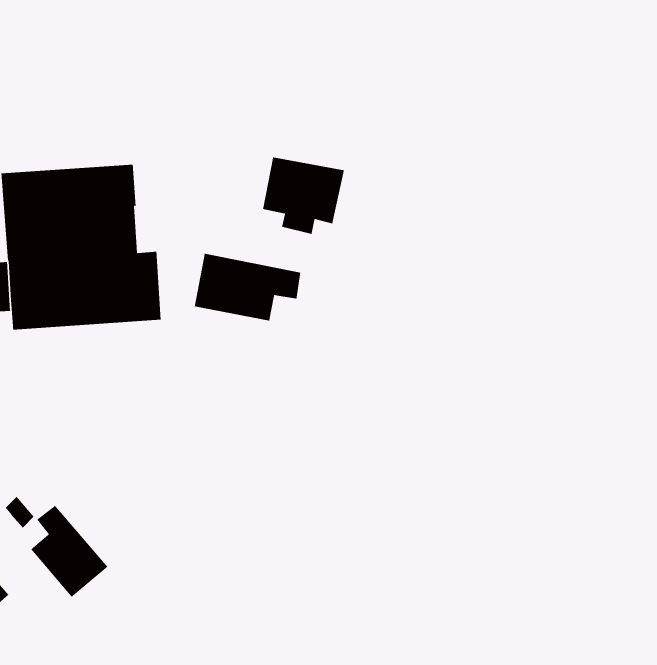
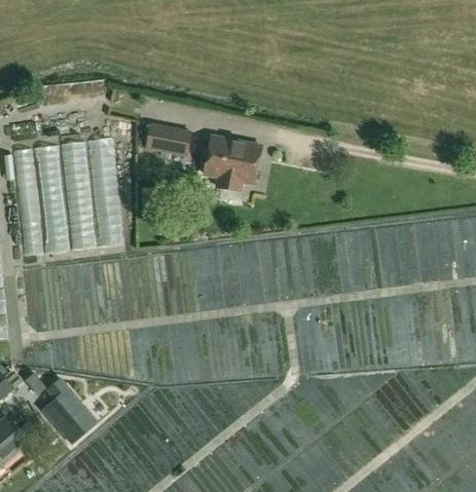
building: none -> [143,122,188,153]
building: [194,253,301,322] -> none

